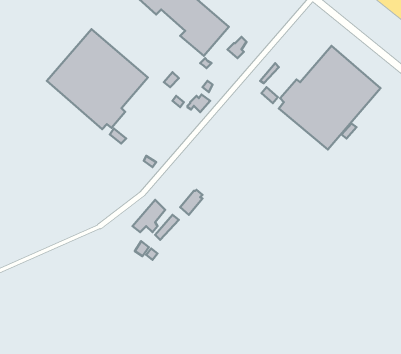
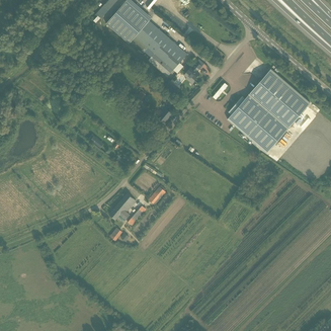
building: [47,29,148,129] -> none

